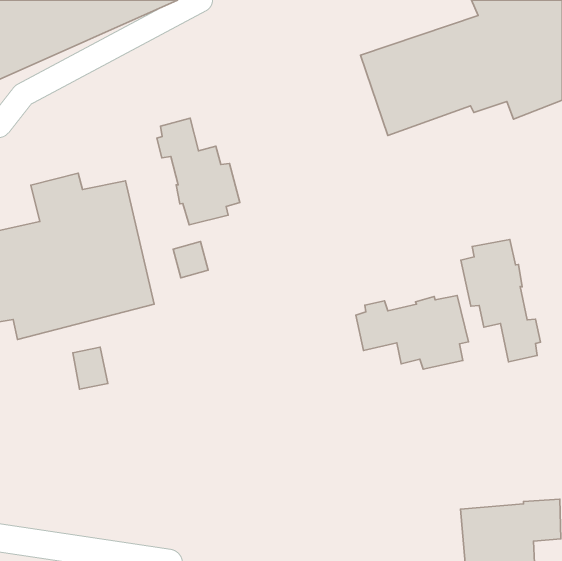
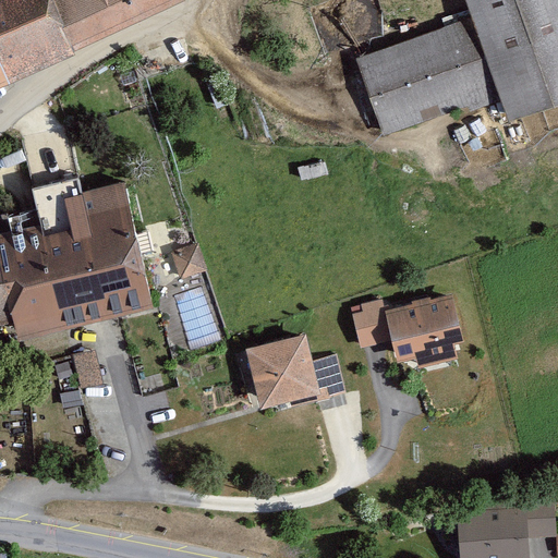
building: [157,118,240,225] -> none
building: [461,239,541,362] -> none
building: none -> [244,330,344,405]

